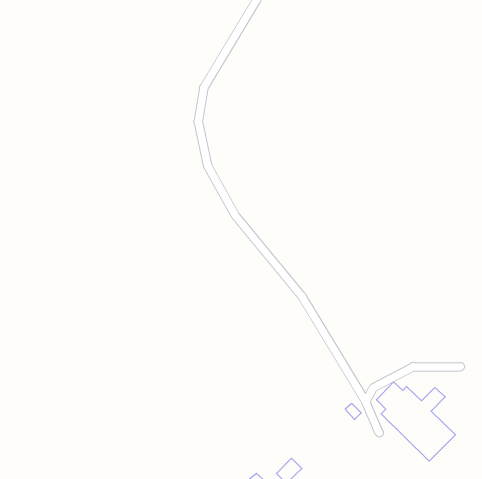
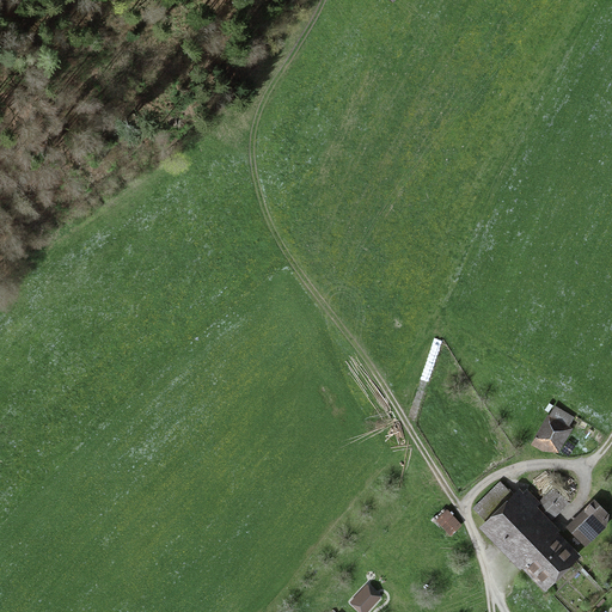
building: none -> [532,409,573,457]
building: none -> [570,506,605,539]

